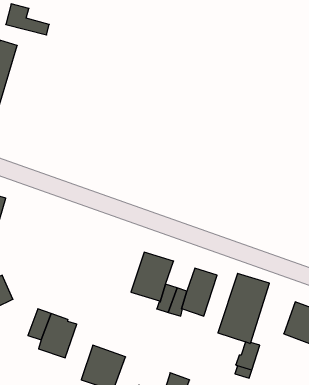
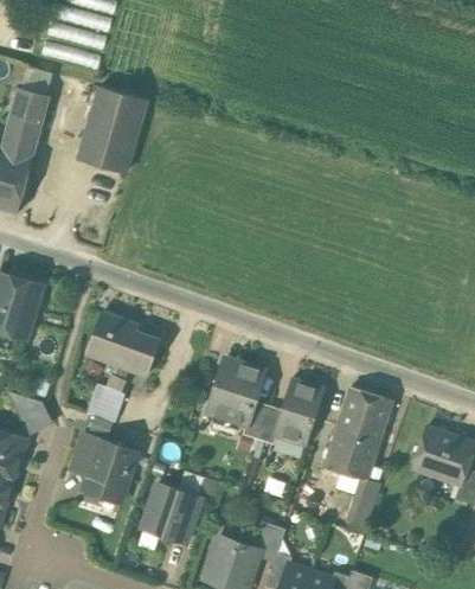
building: none -> [77,88,147,171]
building: none -> [89,312,159,377]
building: none -> [86,380,124,420]

